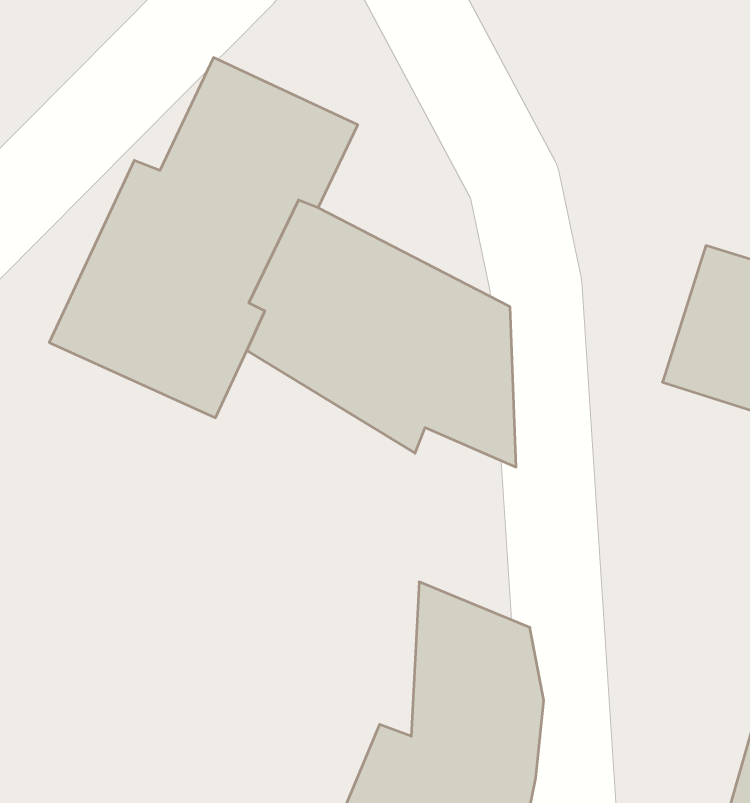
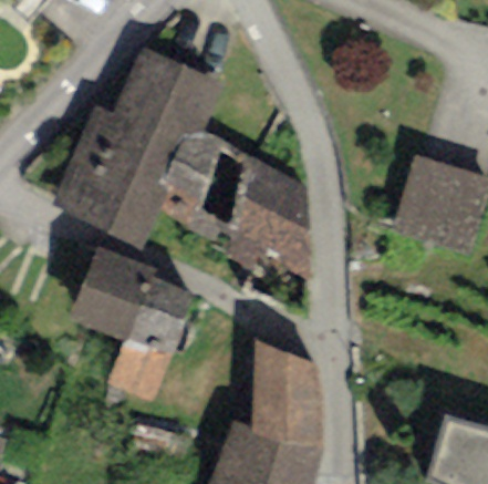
building: none -> [70,246,196,401]

